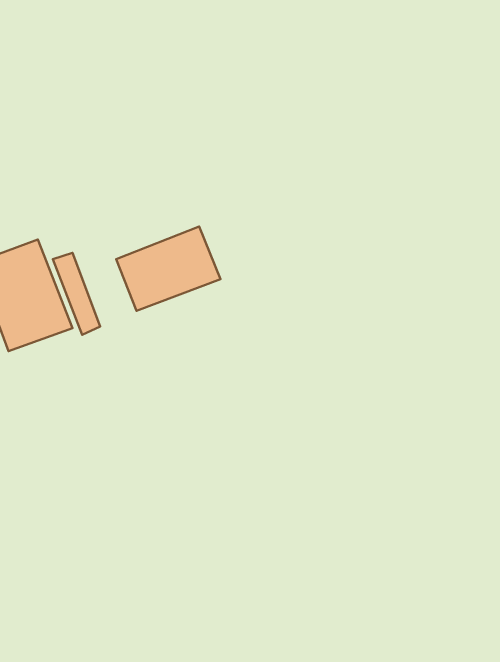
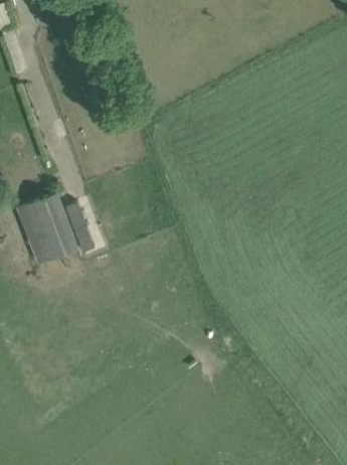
building: [116,227,221,311] -> none

